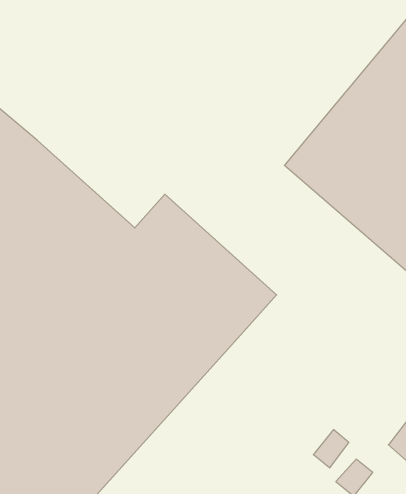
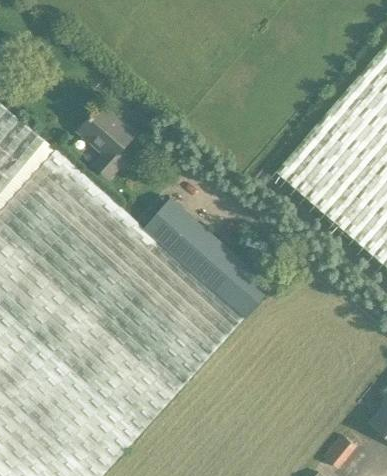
building: none -> [76,106,130,179]
building: [313,430,349,468] -> none

